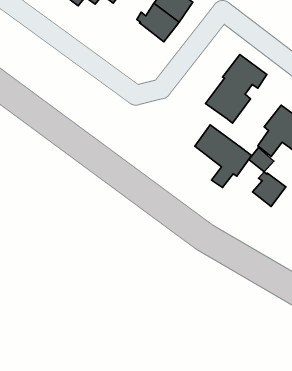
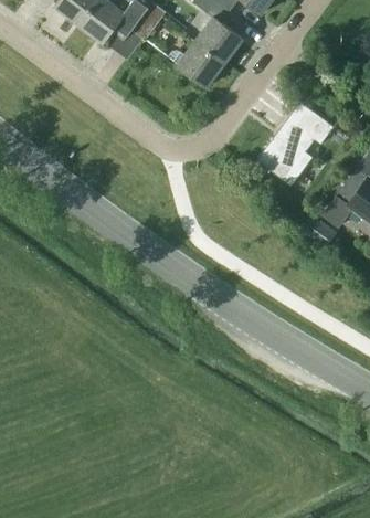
building: [195,125,252,188] -> none
building: [253,172,286,206] -> none

